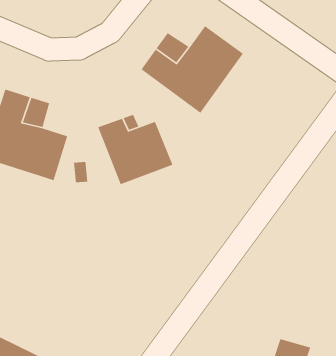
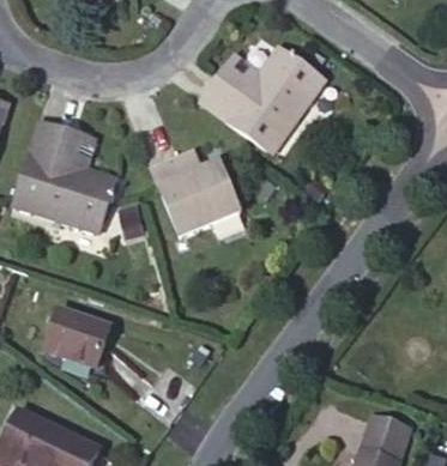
building: none -> [43,307,110,368]

